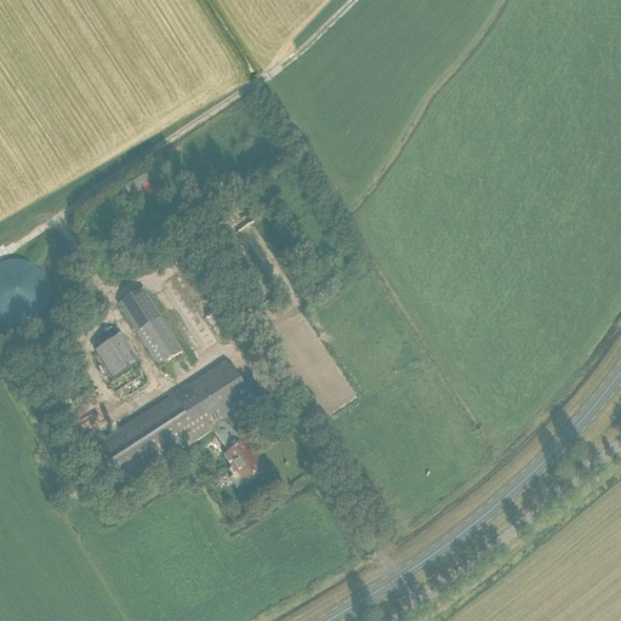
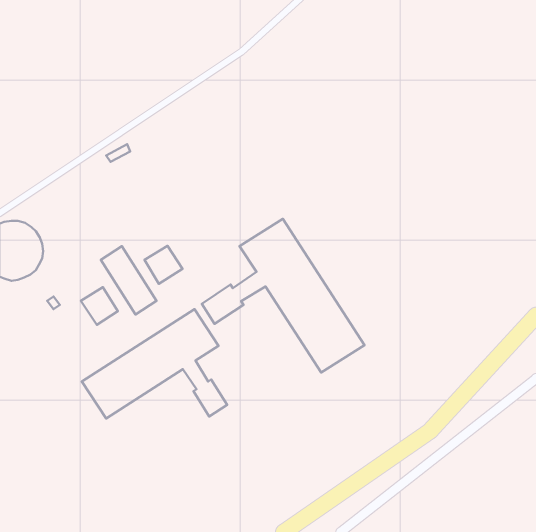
building: none -> [202,219,364,373]
building: none -> [144,246,182,284]

